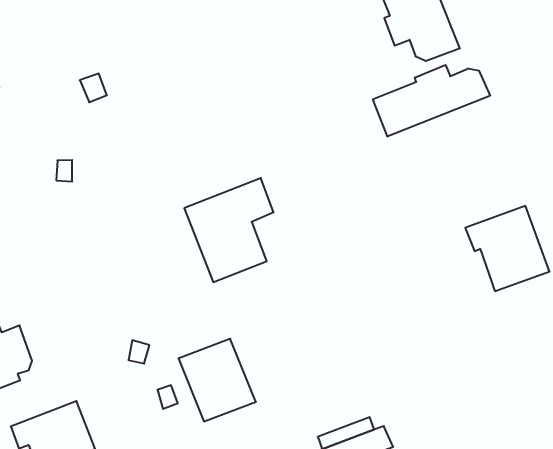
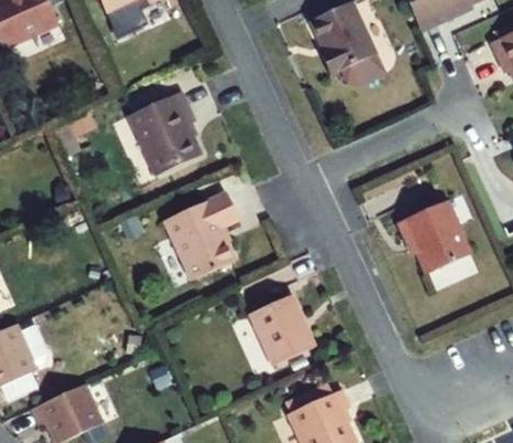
building: none -> [128,91,201,176]
building: [373,65,490,137] -> none
building: [178,339,256,421] -> [249,295,315,365]

